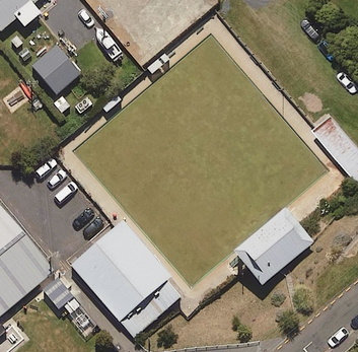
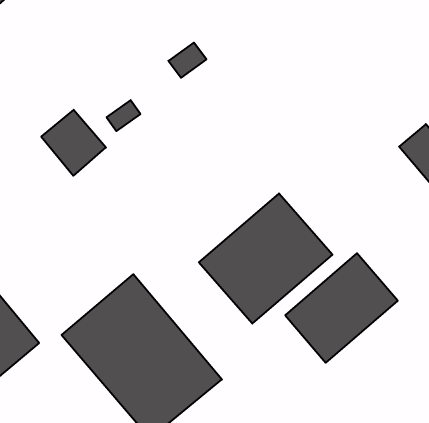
building: [32,47,79,94] -> [41,110,106,176]
building: none -> [199,193,332,324]

